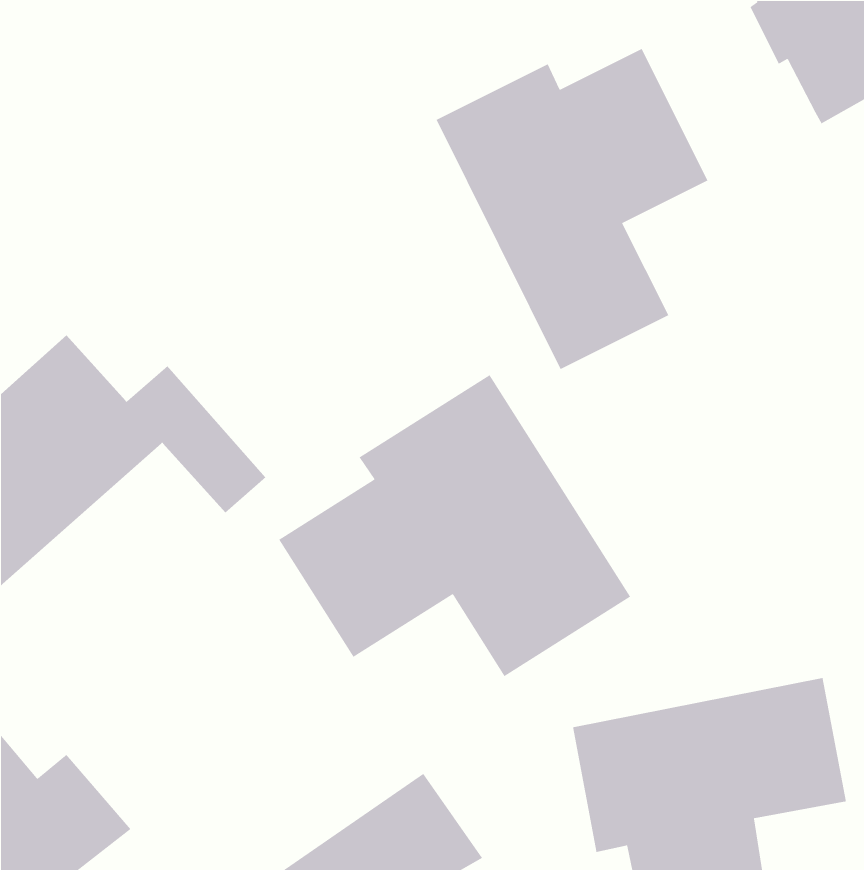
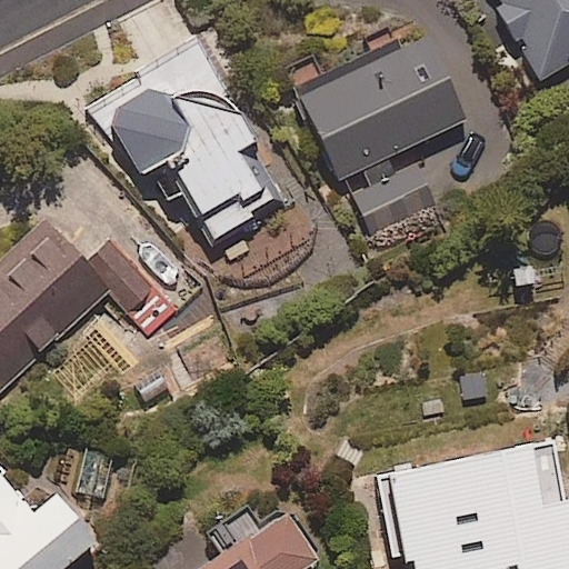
building: none -> [99,47,292,239]
building: [278,374,631,677] -> none

